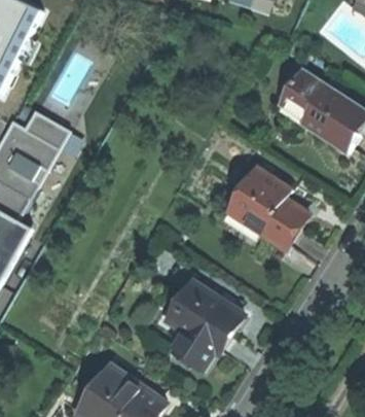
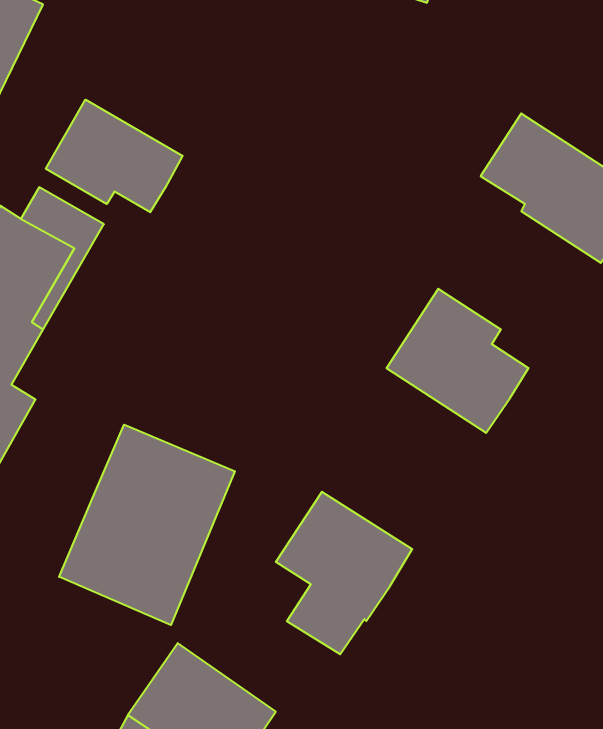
building: none -> [46,100,183,212]
building: none -> [59,425,235,625]

